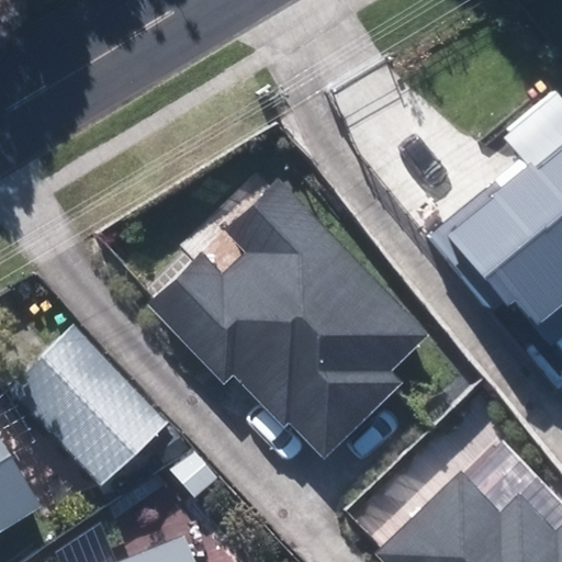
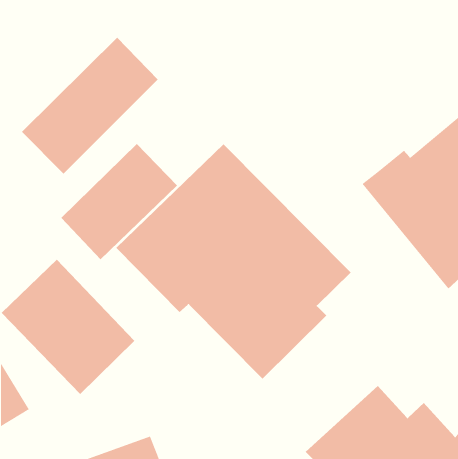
building: none -> [21,37,158,174]
building: none -> [60,143,178,260]

